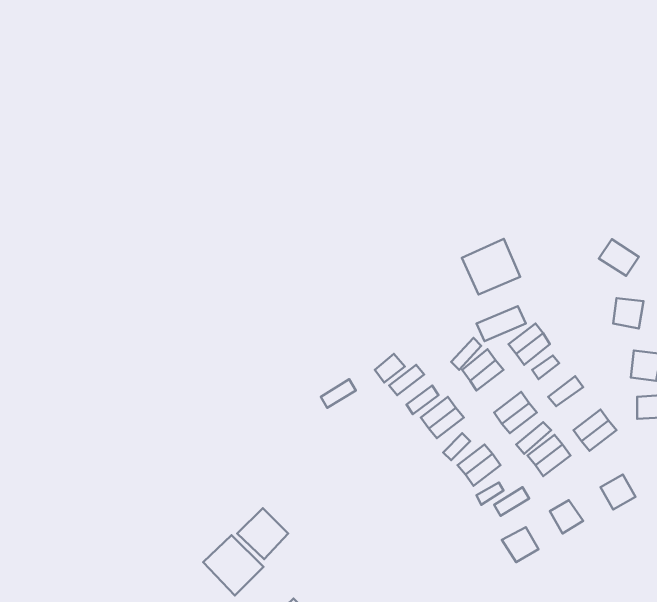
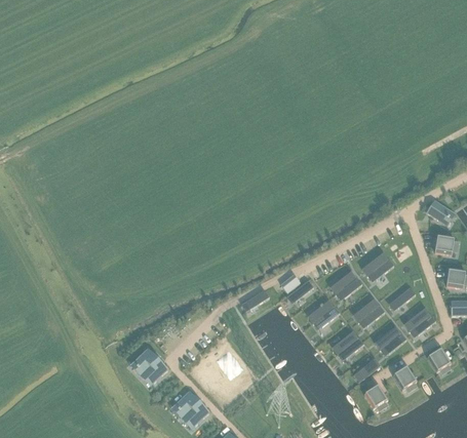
building: [462,239,520,294] -> none
building: none -> [128,347,167,386]
building: [237,508,288,559] -> none

